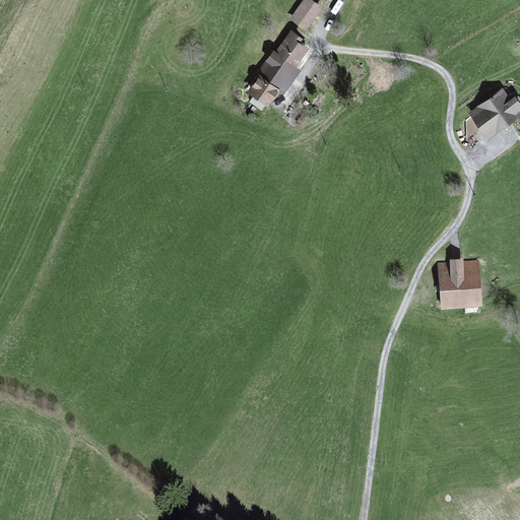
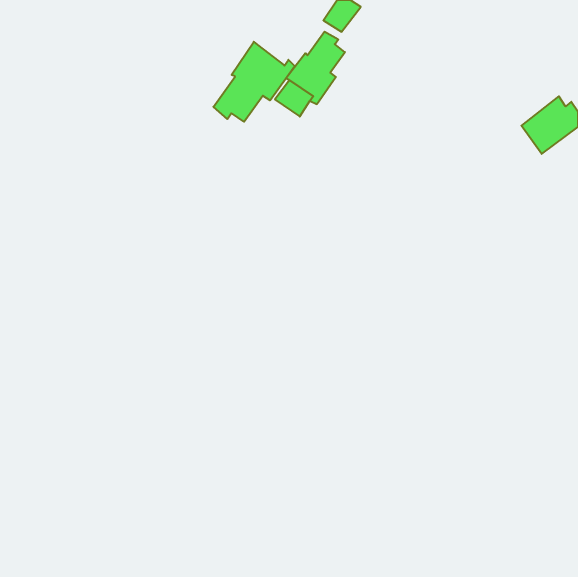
building: none -> [213,42,295,122]
building: [438,258,482,310] -> none

